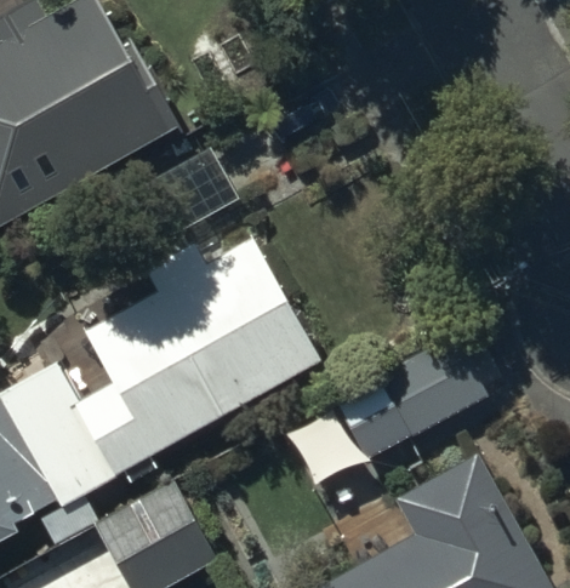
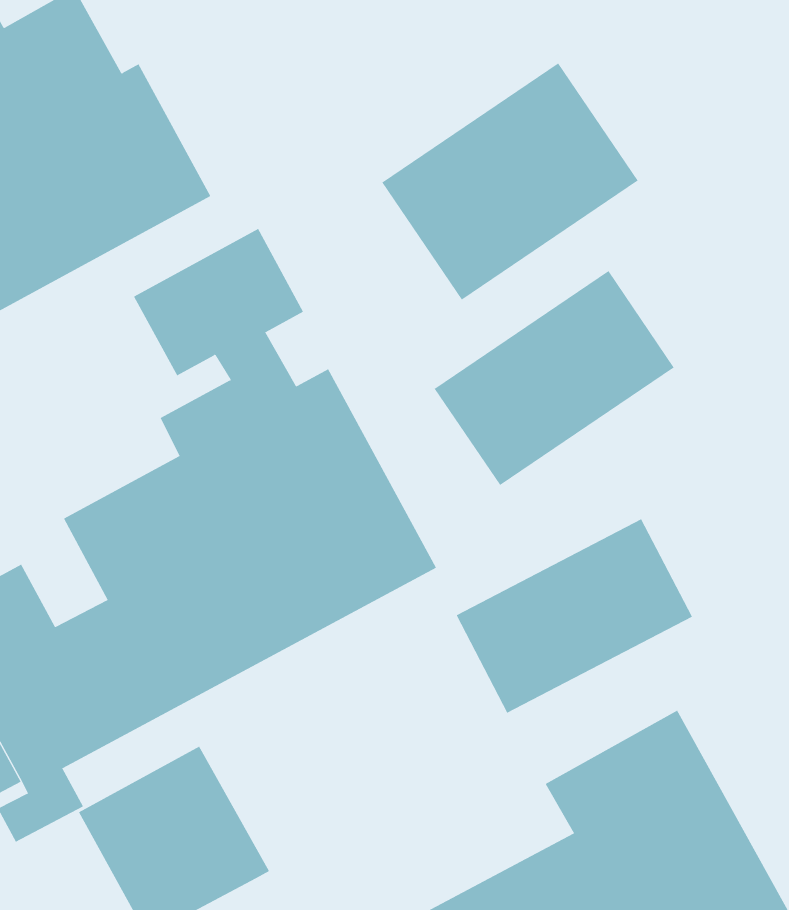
building: none -> [382,63,639,300]
building: none -> [434,270,675,486]

